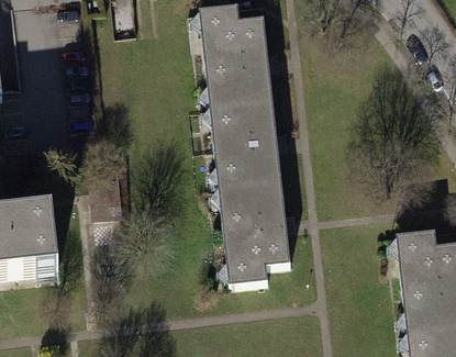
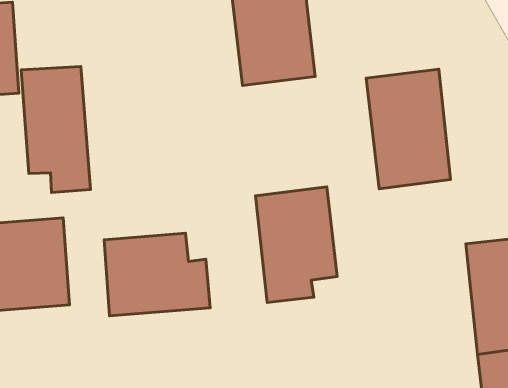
building: none -> [21,67,90,192]
building: [208,91,279,192] -> [366,69,451,189]
building: none -> [104,233,210,316]

